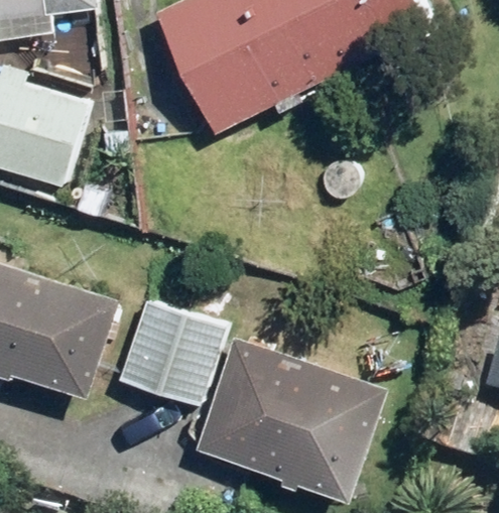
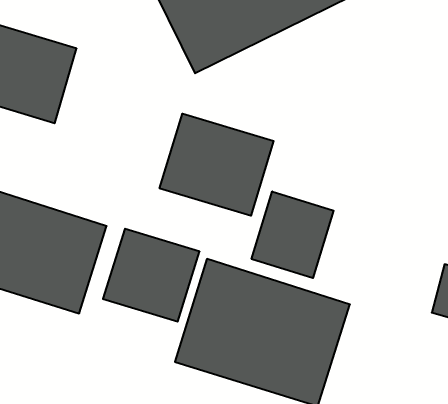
building: none -> [160,114,274,216]
building: none -> [252,191,334,278]

